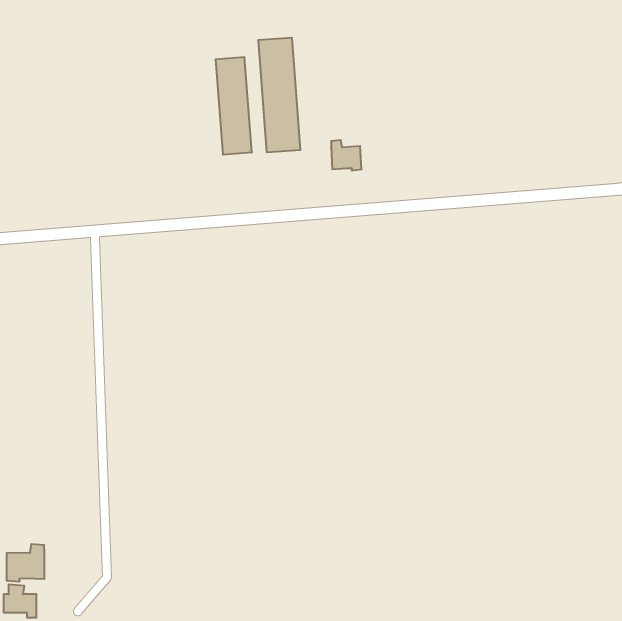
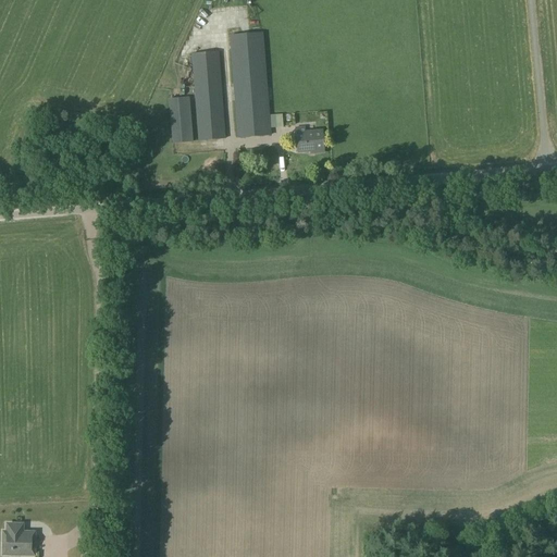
building: none -> [169,98,191,140]
building: [7,544,44,582] -> none

